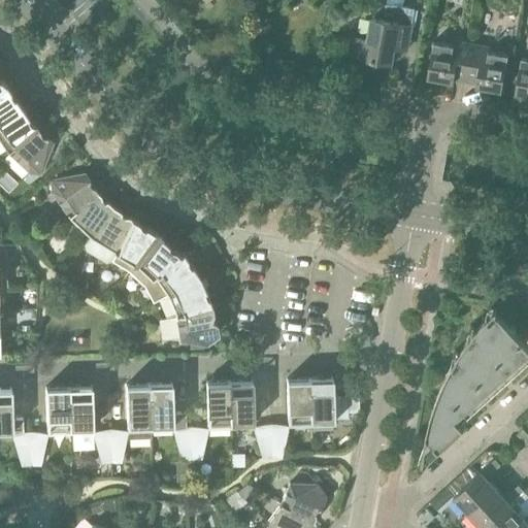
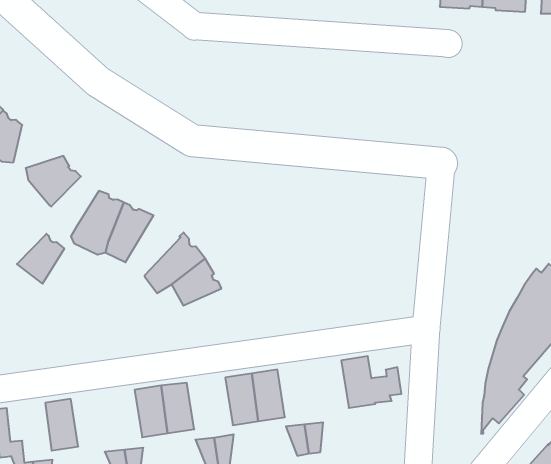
building: [70,195,113,238] -> [17,234,64,284]
building: [130,236,180,288] -> none
building: [163,306,218,344] -> none
building: [287,381,311,424] -> none
building: [69,388,94,431] -> none

